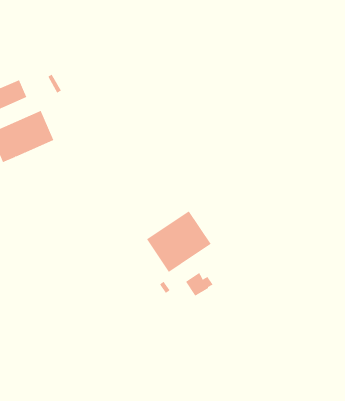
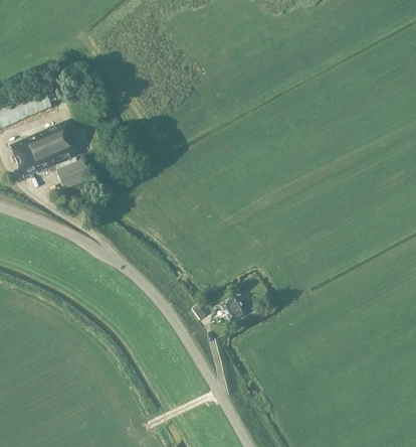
building: none -> [58,157,91,187]
building: [146,211,211,273] -> none

